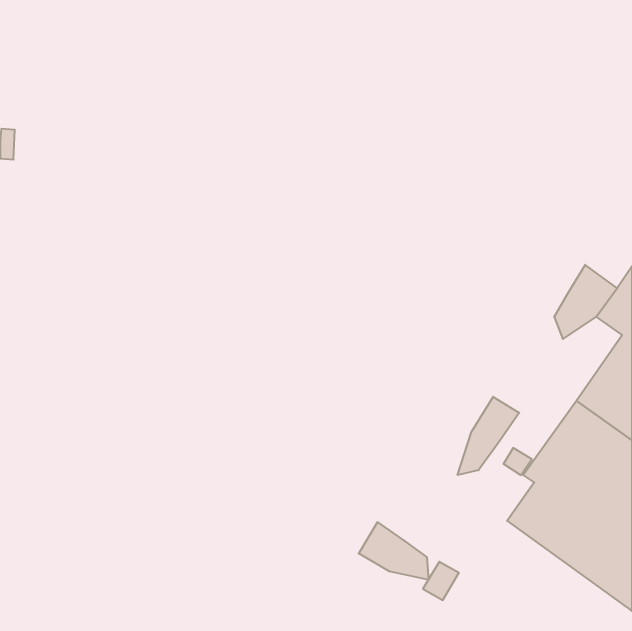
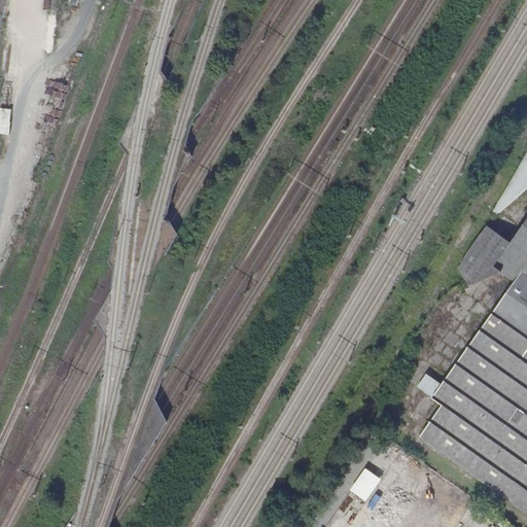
building: [458,397,519,475] -> none
building: [359,522,428,580] -> none

